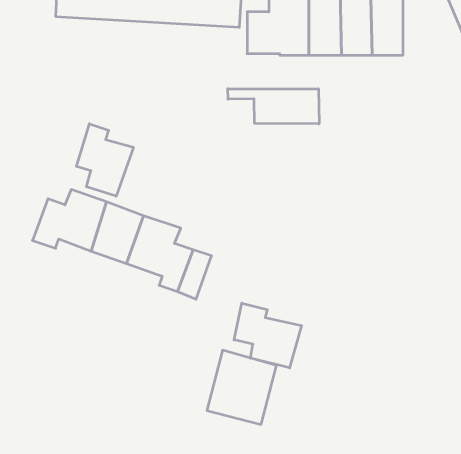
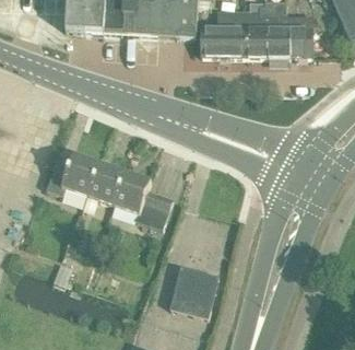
building: [228,89,319,124] -> none
building: [76,124,133,196] -> none
building: [234,303,302,368] -> none

